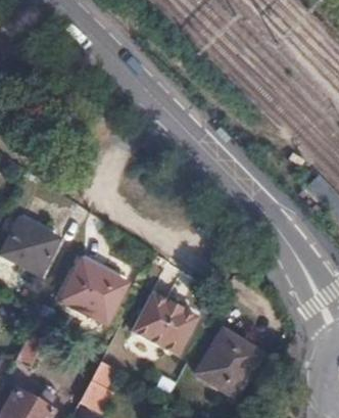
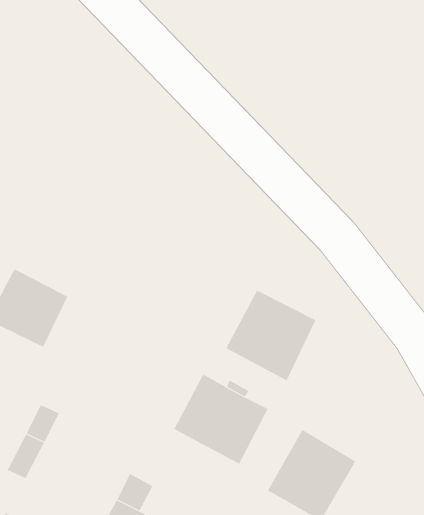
building: none -> [225,290,316,381]
building: [60,258,127,323] -> none

